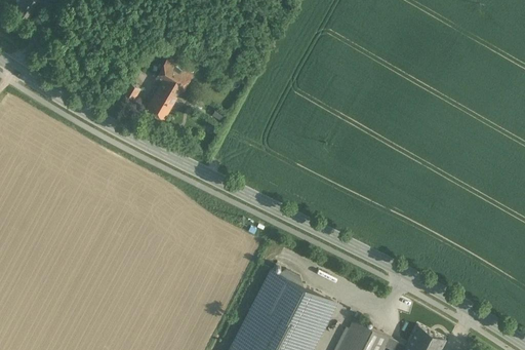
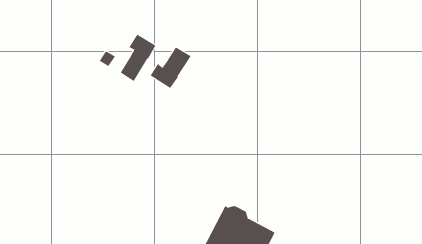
building: none -> [150,47,191,89]

